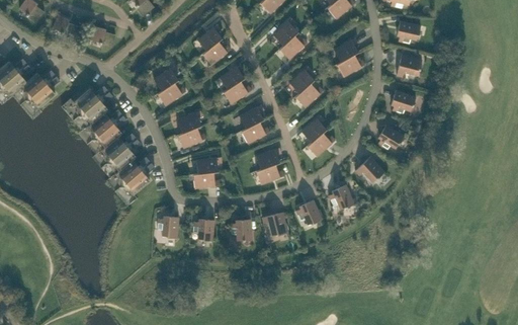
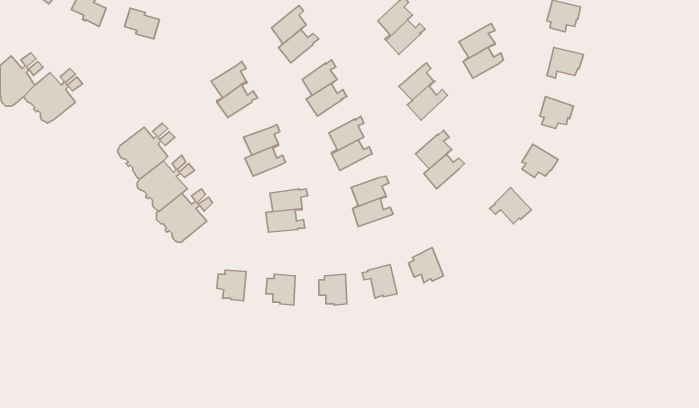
building: [71,86,112,126] -> none
building: [328,184,354,210] -> none

